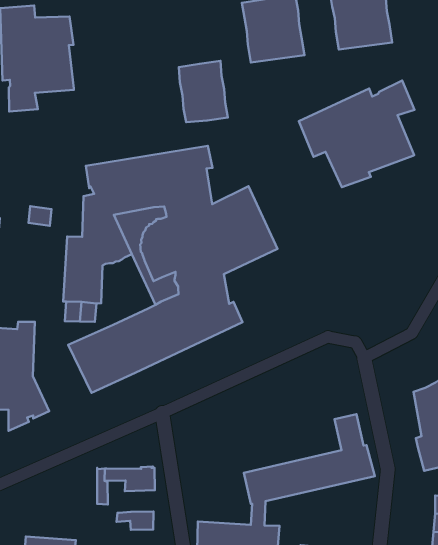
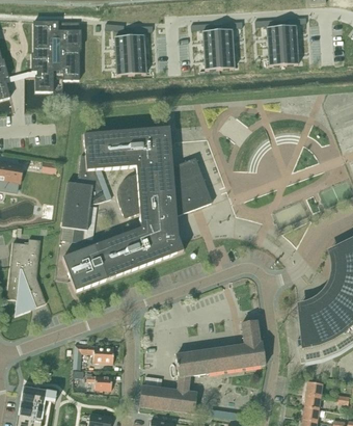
building: [179,61,228,122] -> [114,34,145,75]
building: [299,80,415,187] -> none

